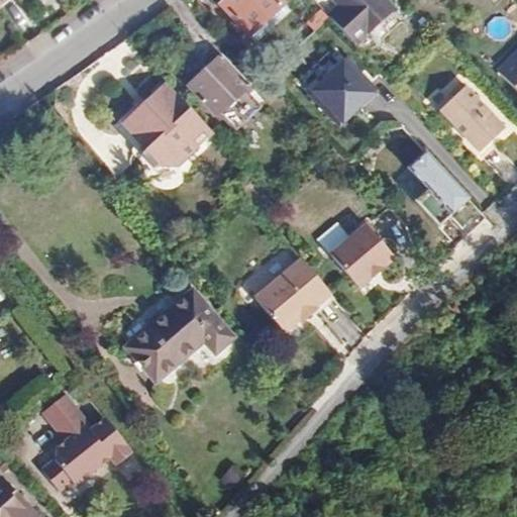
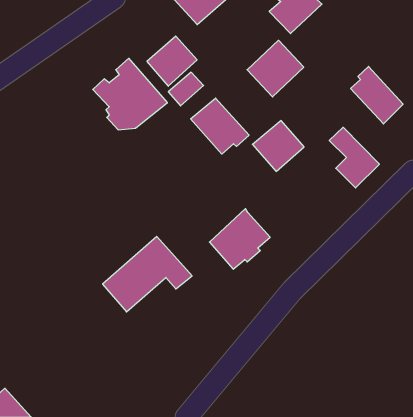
building: none -> [191,98,249,154]
building: [330,225,394,288] -> [252,121,304,171]
building: [46,398,137,497] -> none

